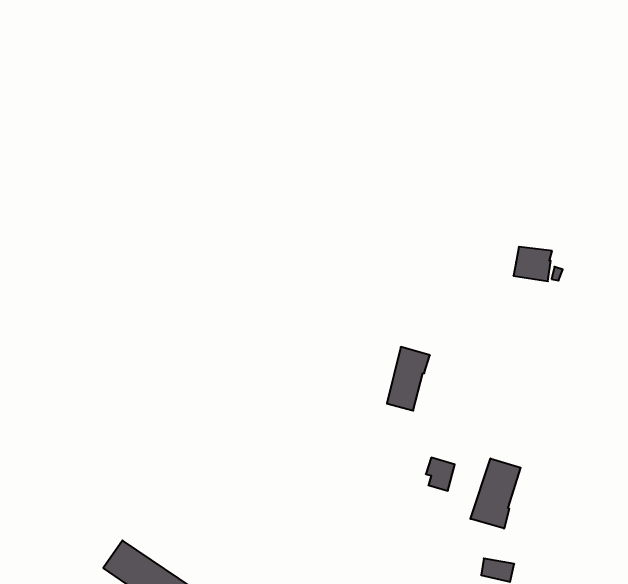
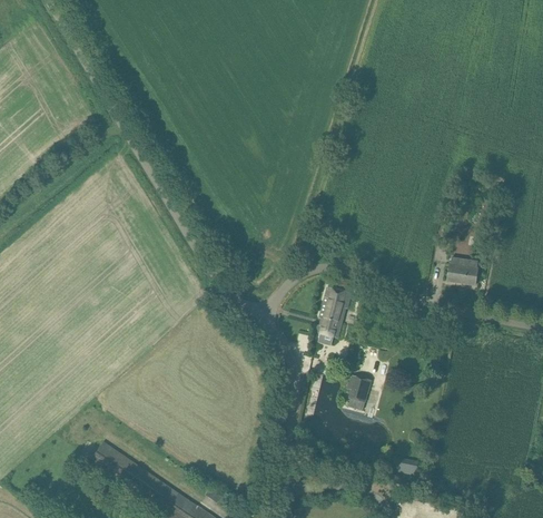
building: [513,247,552,281] -> [447,257,478,285]
building: [470,458,521,529] -> none

